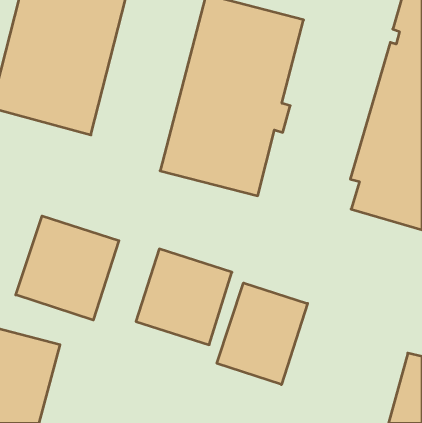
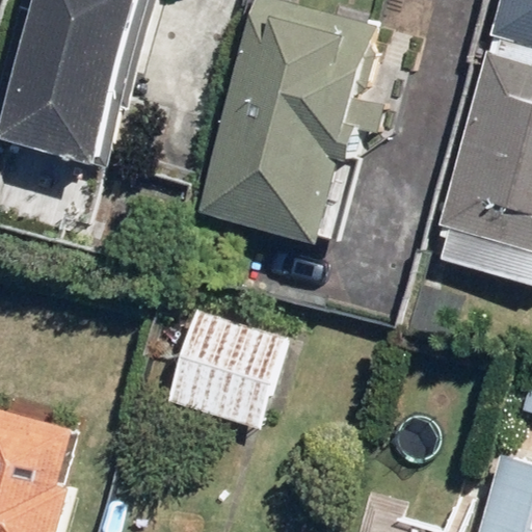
building: [16,216,119,320] -> none
building: [217,283,308,385] -> none

